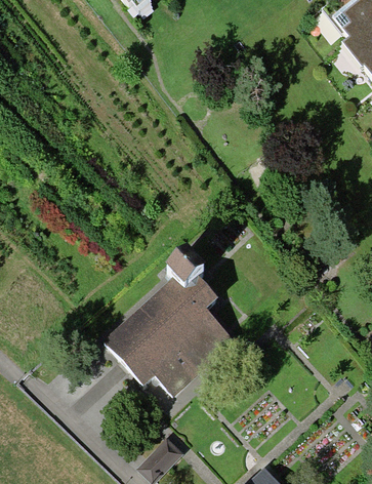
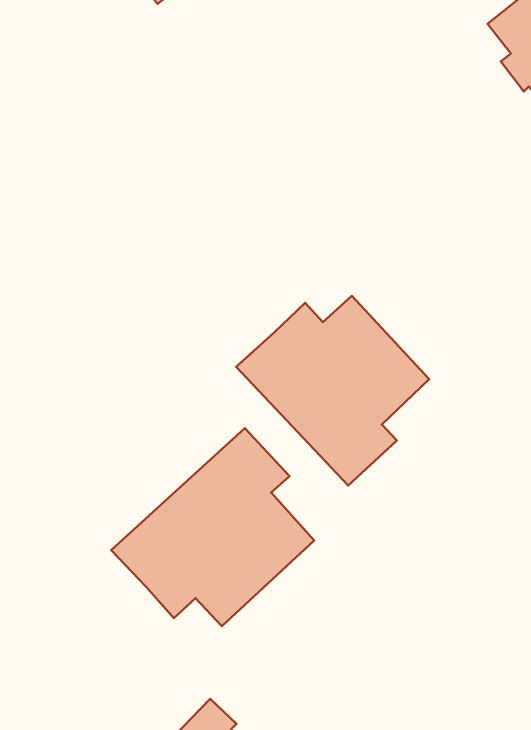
building: none -> [236,296,429,486]

